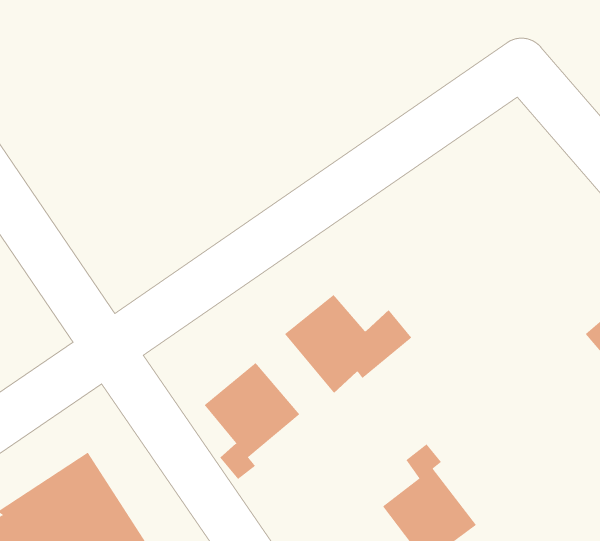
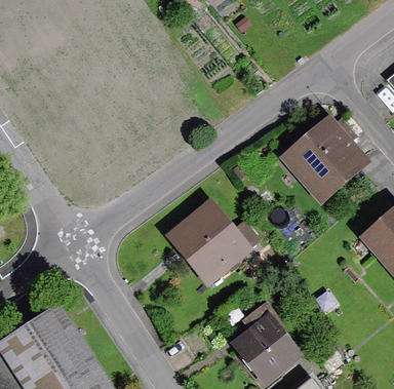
building: none -> [290,121,358,196]
building: [204,362,300,480] -> none

